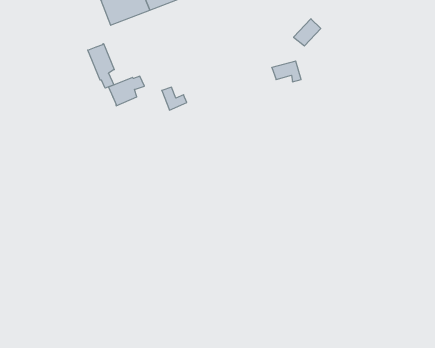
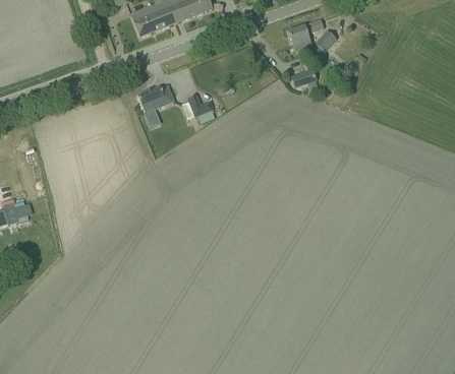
building: none -> [289,18,324,50]
building: [88,44,114,88] -> none

